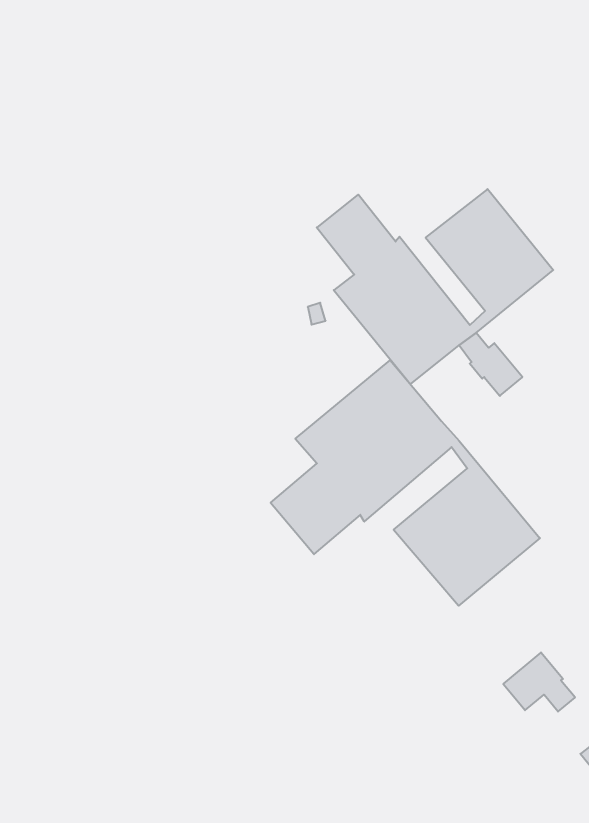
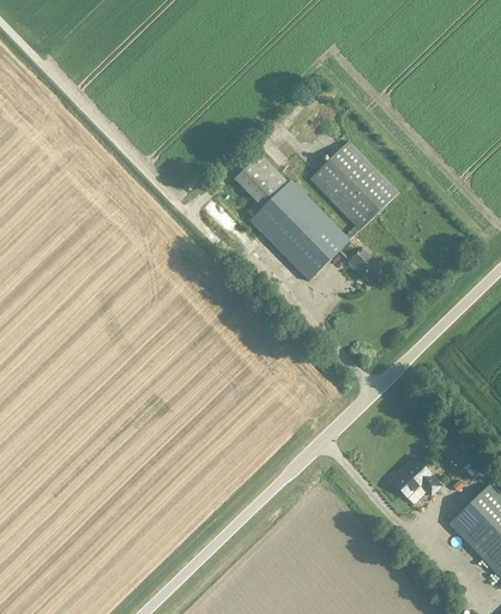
building: [271,360,540,606] -> none

